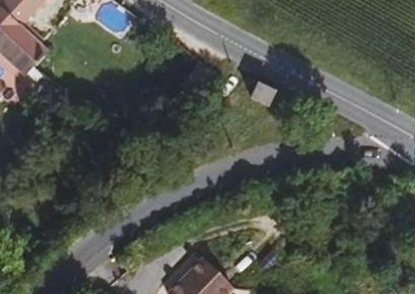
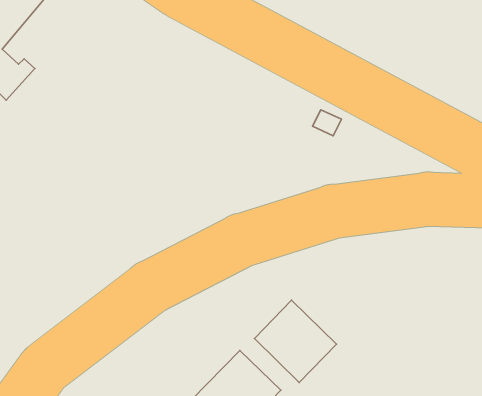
building: none -> [254,300,336,382]

